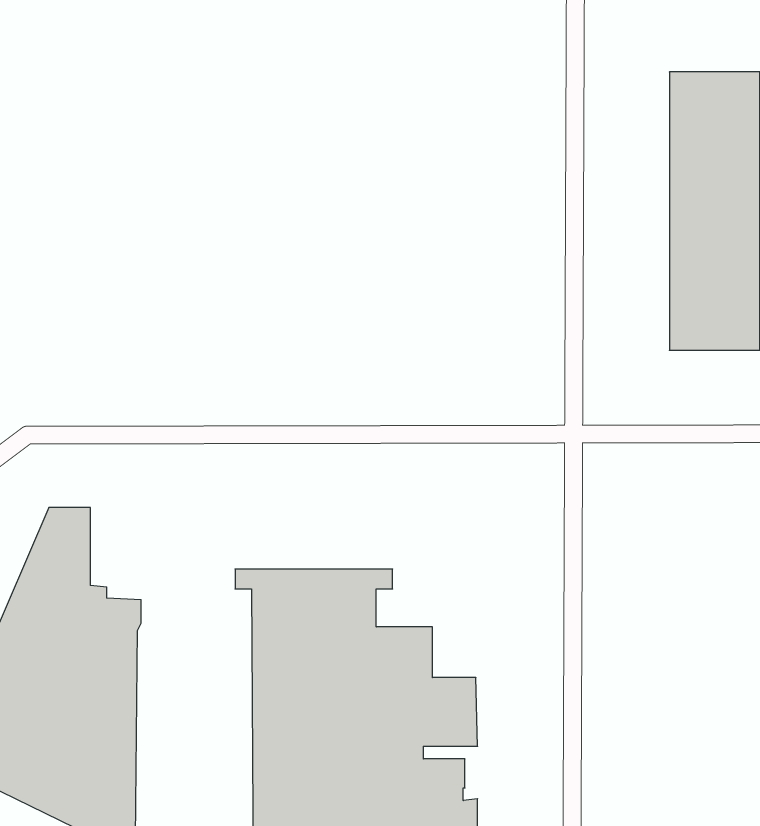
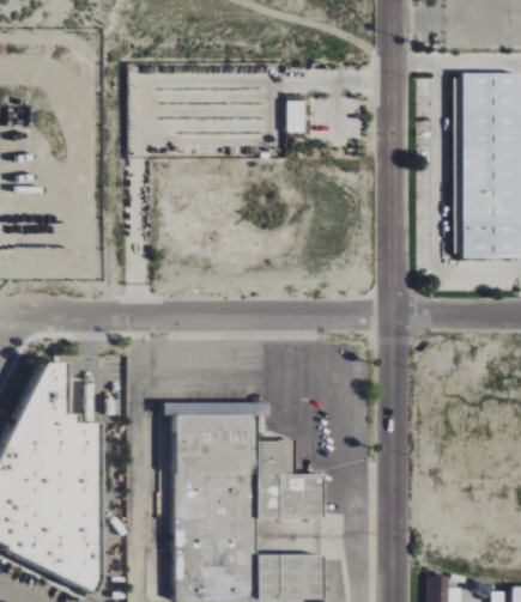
building: none -> [284,102,303,133]

